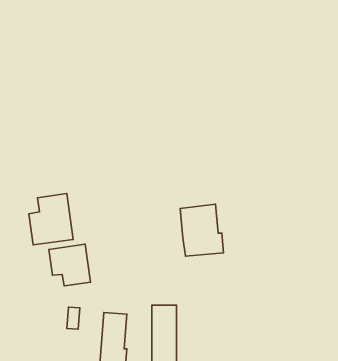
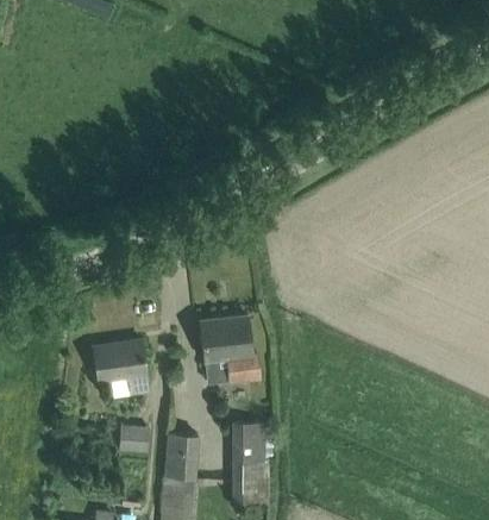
building: [29,194,73,245] -> none
building: [180,204,224,256] -> [201,314,259,384]

